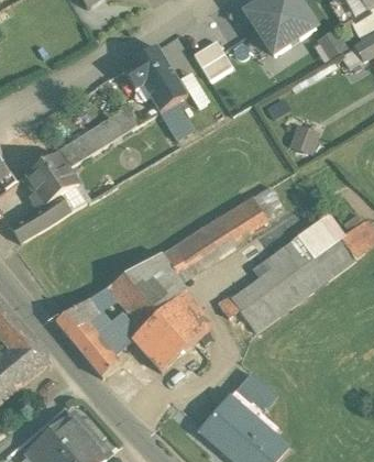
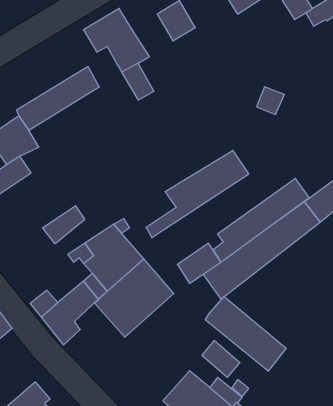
building: [172,228,212,263] -> none
building: [56,300,98,338] -> [42,206,85,244]
building: none -> [205,296,286,371]

